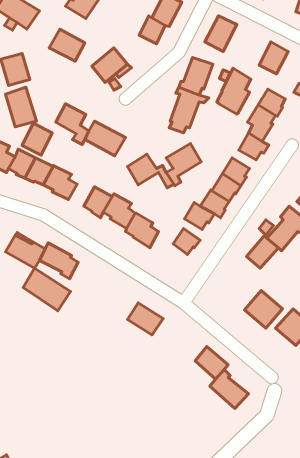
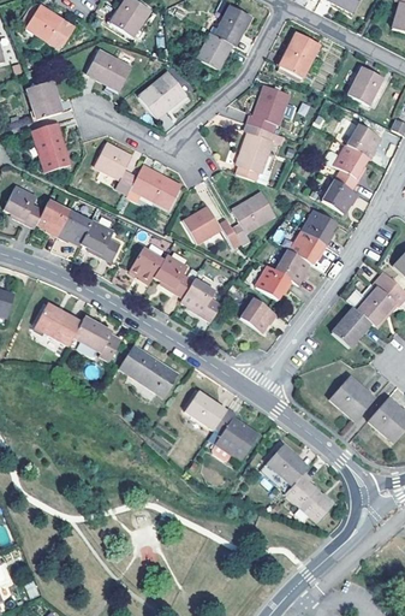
building: [217,68,251,114] -> none
building: [22,123,52,155] -> none
building: [23,268,70,311] -> [120,345,179,398]
building: none -> [215,409,260,461]

